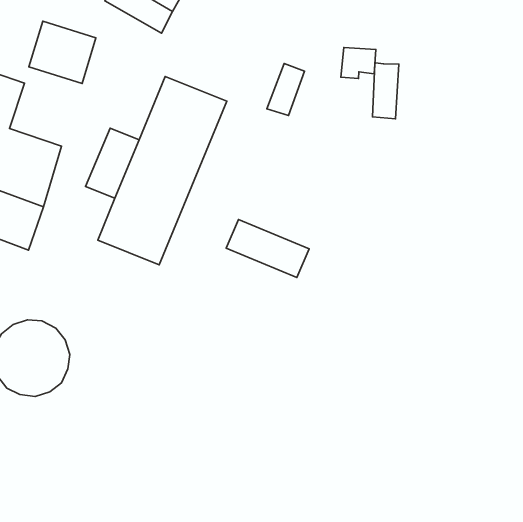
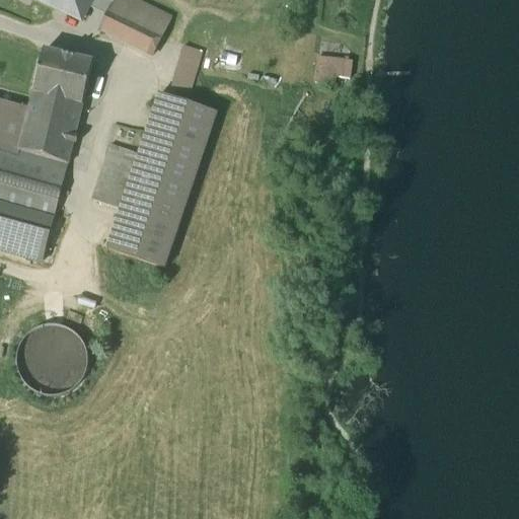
building: [373,63,399,119] -> none
building: [267,63,305,116] -> [169,44,202,91]
building: none -> [18,91,82,162]
building: [226,220,309,277] -> none

